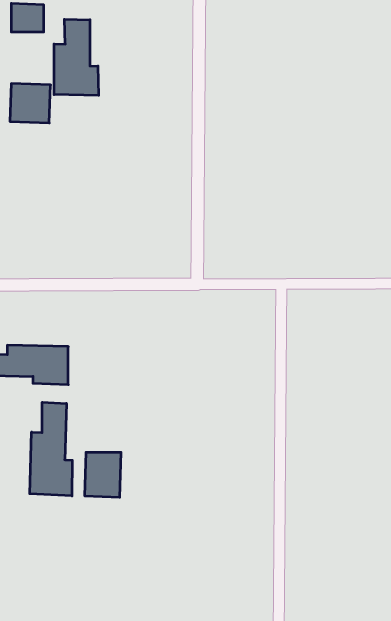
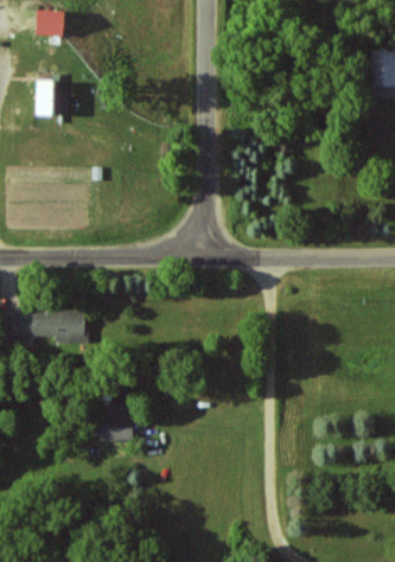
building: [54,19,99,95] -> none
building: [30,402,72,496] -> none

